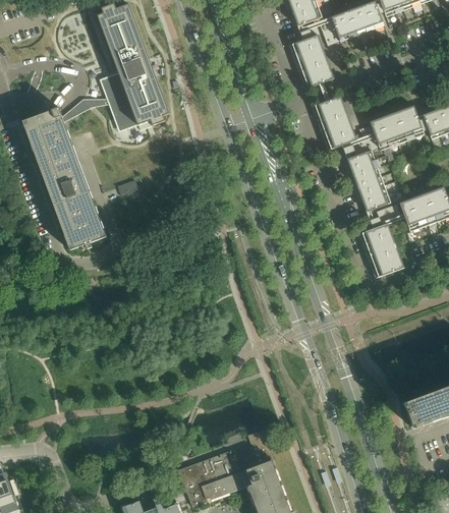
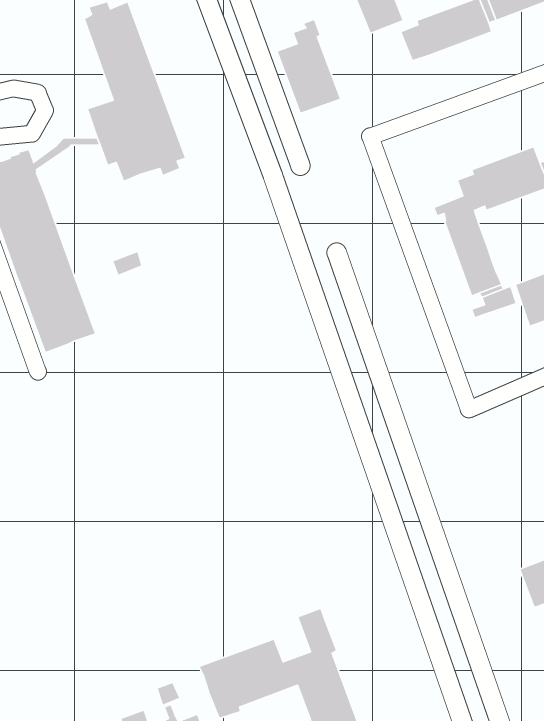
building: [289,23,334,90] -> [277,19,341,114]
building: [312,96,356,151] -> none
building: [359,224,404,278] -> none

